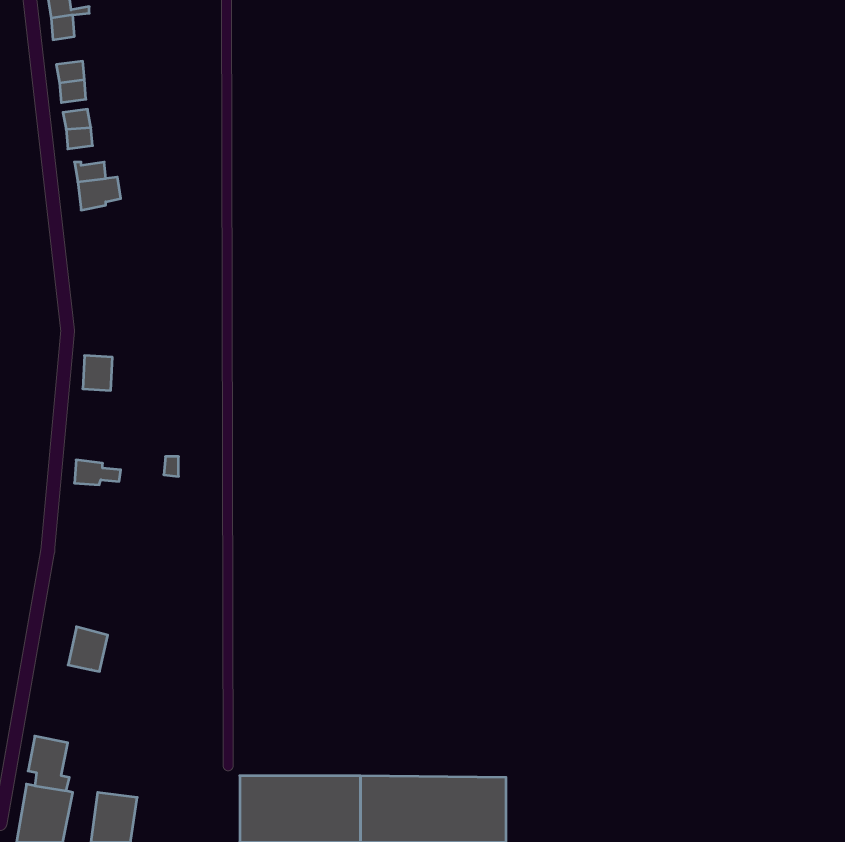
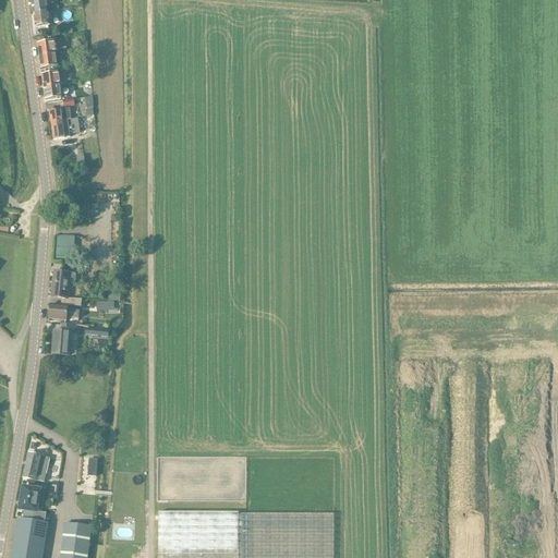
building: none -> [51,269,82,305]
building: none -> [51,324,78,354]
building: [68,627,108,671] -> [23,451,49,481]

